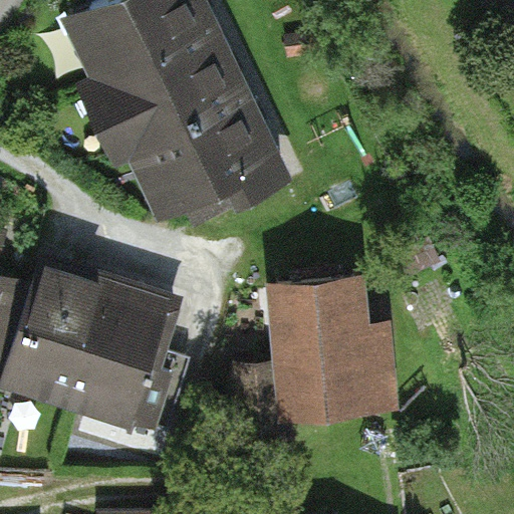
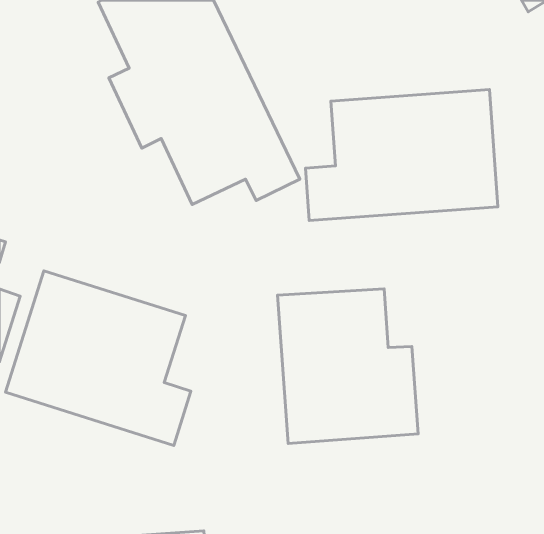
building: none -> [306,90,498,221]

